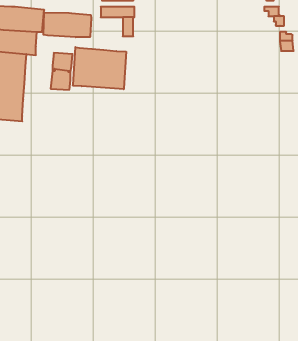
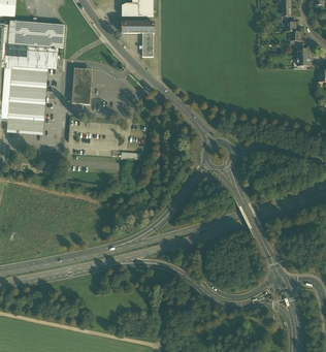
building: [43,13,91,37] -> none
building: [73,47,126,89] -> none

